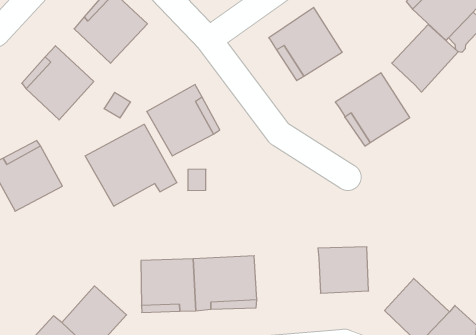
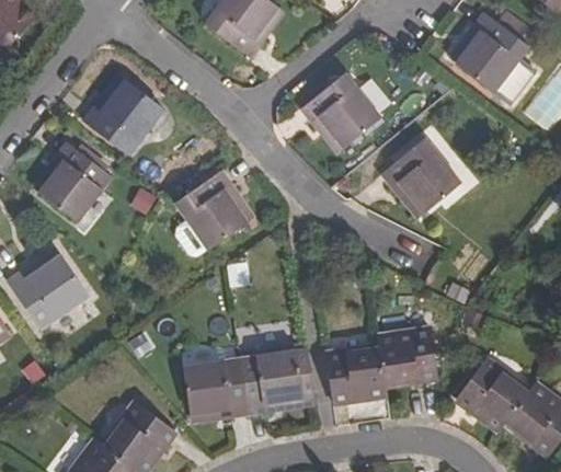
building: [392,24,458,92] -> none
building: [85,124,177,206] -> none
building: none -> [324,346,385,401]

